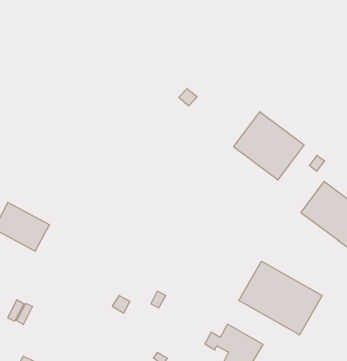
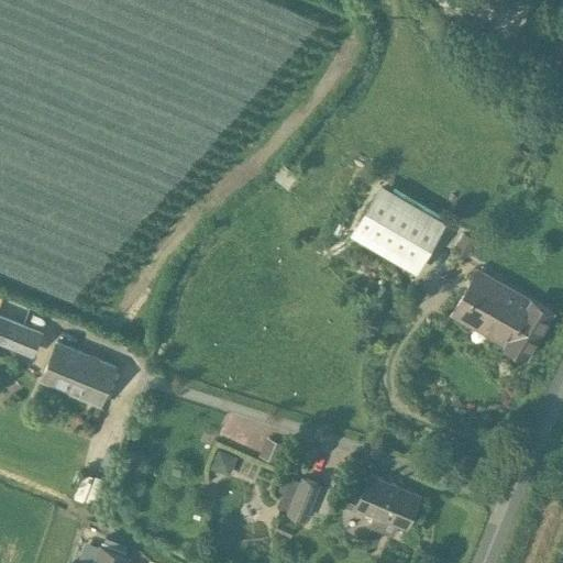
building: [239,261,322,335] -> none
building: none -> [279,481,319,521]

